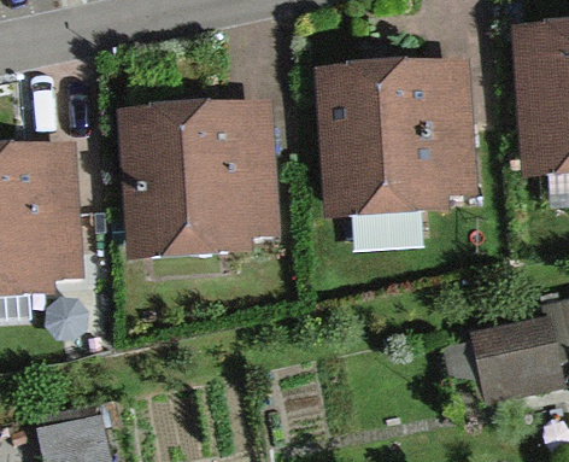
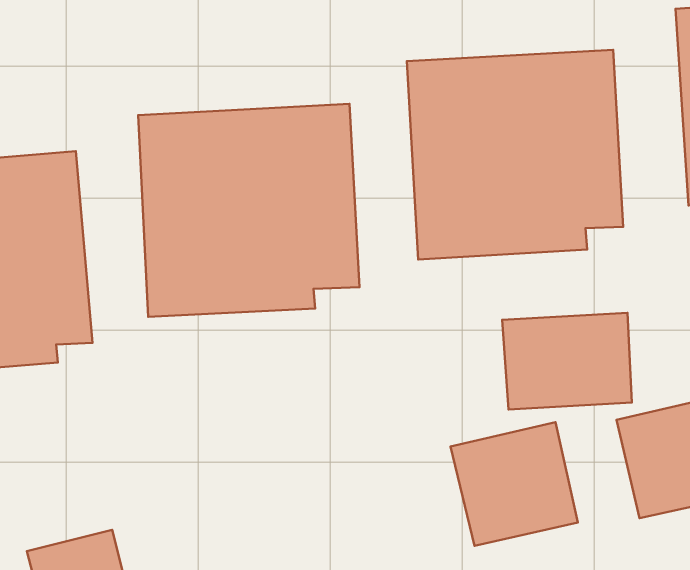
building: none -> [502,313,632,409]
building: none -> [450,422,578,546]

